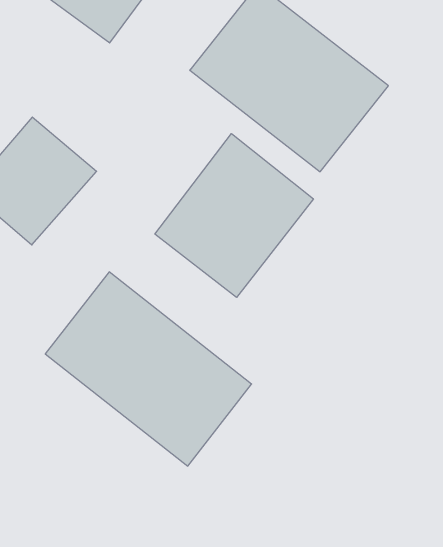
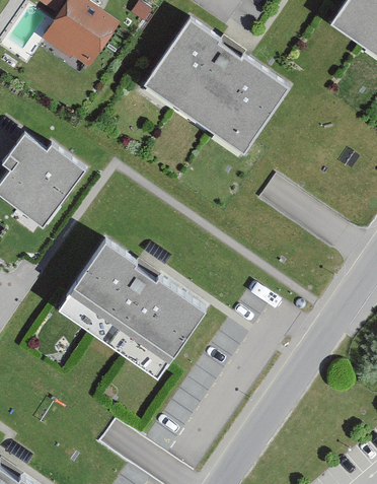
building: [155,134,313,297] -> none

